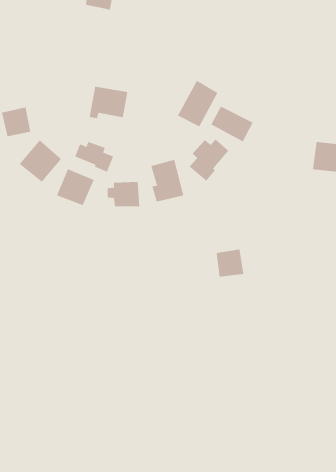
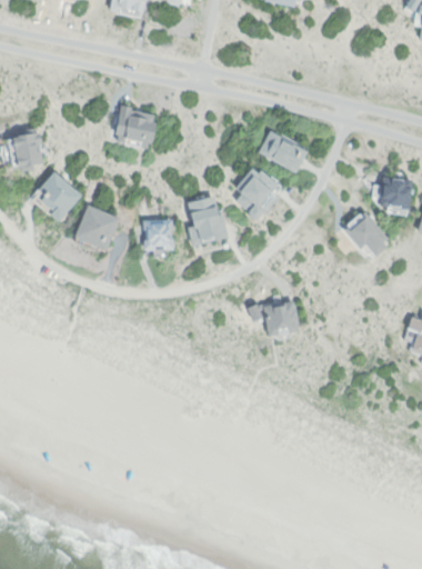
building: [177,80,218,127] -> none
building: [75,141,114,173] -> none
building: none -> [345,212,392,258]

